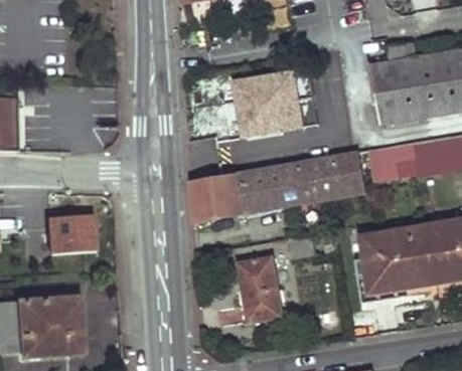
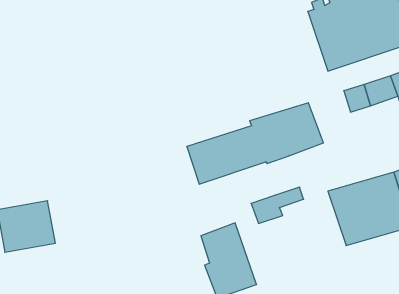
building: [236,73,304,136] -> none
building: [370,147,399,186] -> none
building: [191,176,243,221] -> none

